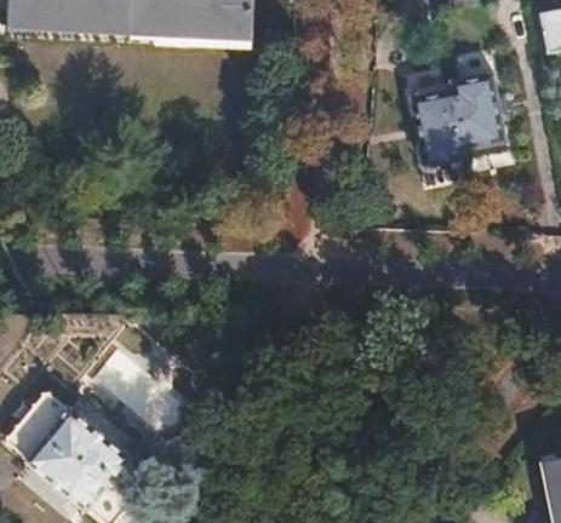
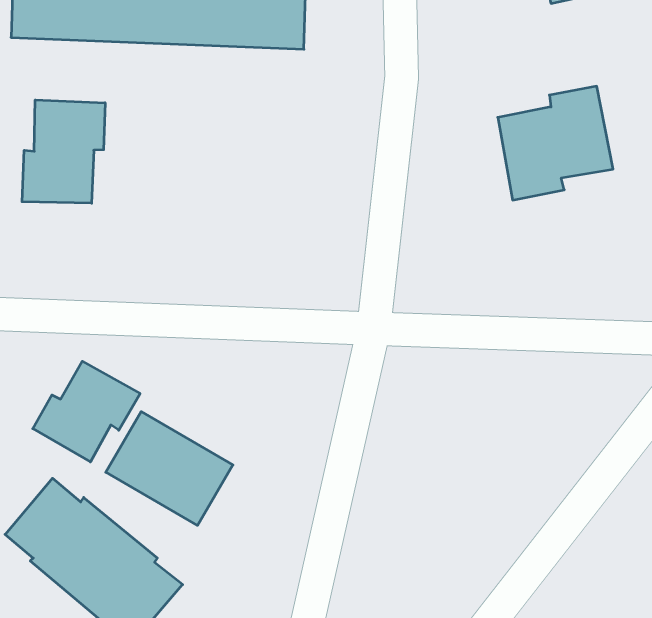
building: none -> [22,100,105,203]
building: none -> [33,361,140,462]

